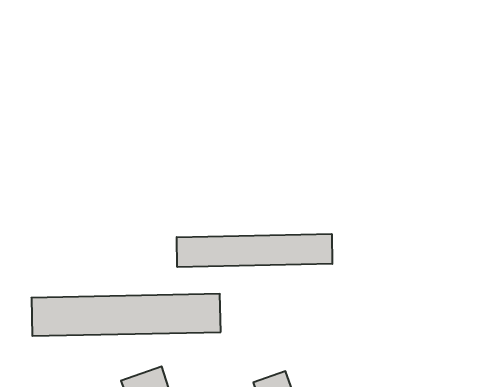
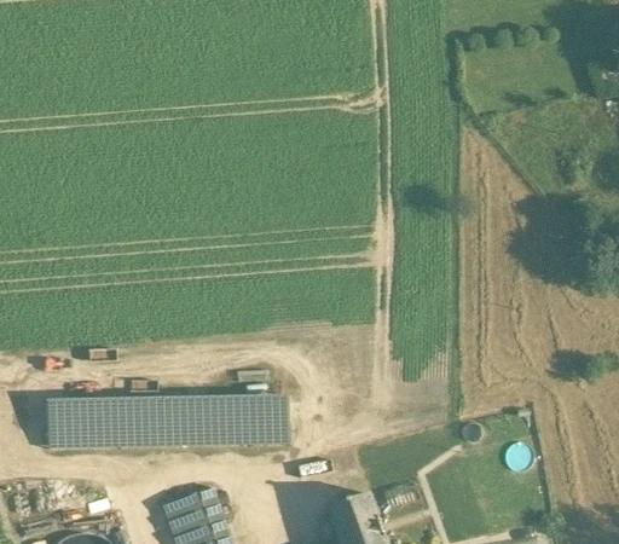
building: [177,234,332,267] -> none

